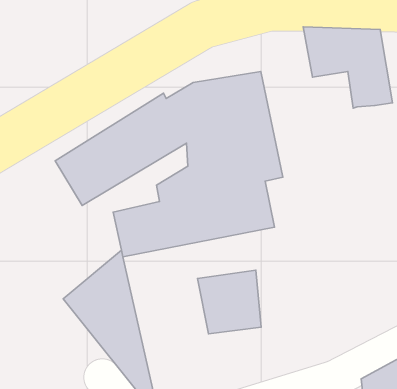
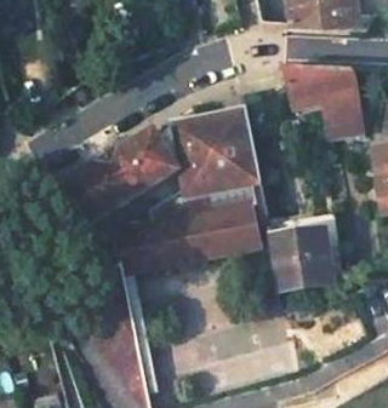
building: [198,270,261,334] -> [269,232,326,289]

